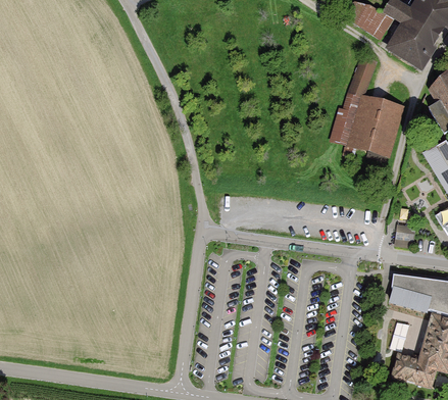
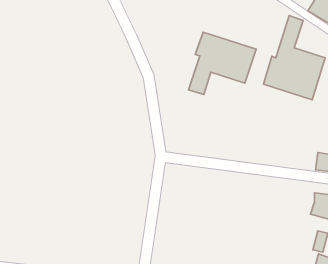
building: none -> [189,32,256,94]

